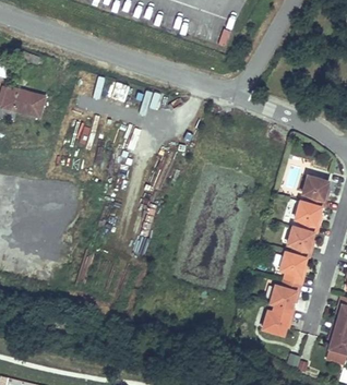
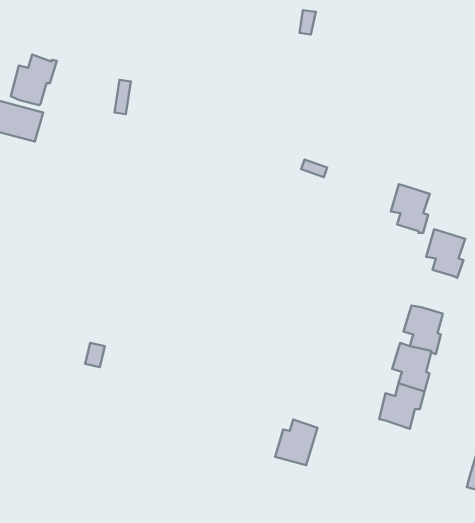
building: none -> [11,55,57,105]
building: [295,200,321,232] -> [391,184,430,233]
building: [263,303,291,334] -> [275,420,317,465]

